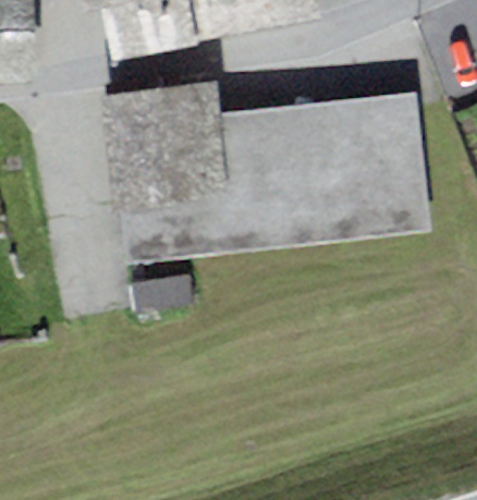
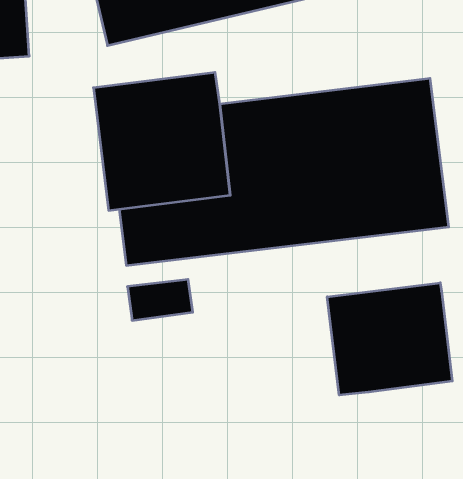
building: none -> [327,283,452,395]

